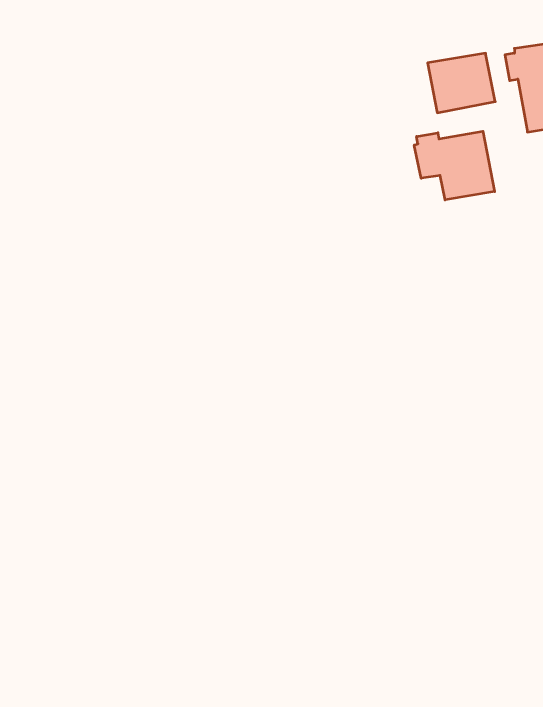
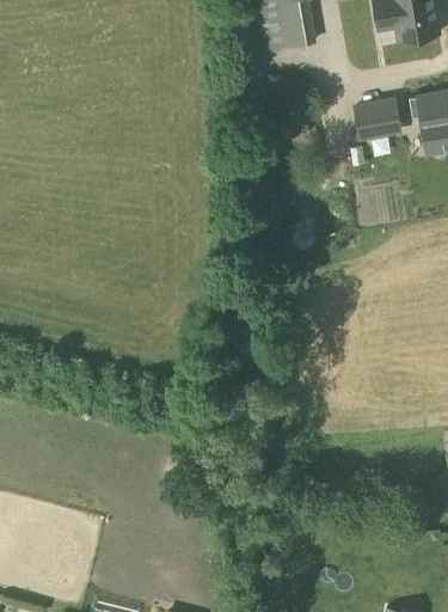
building: [414,131,495,200] -> none

